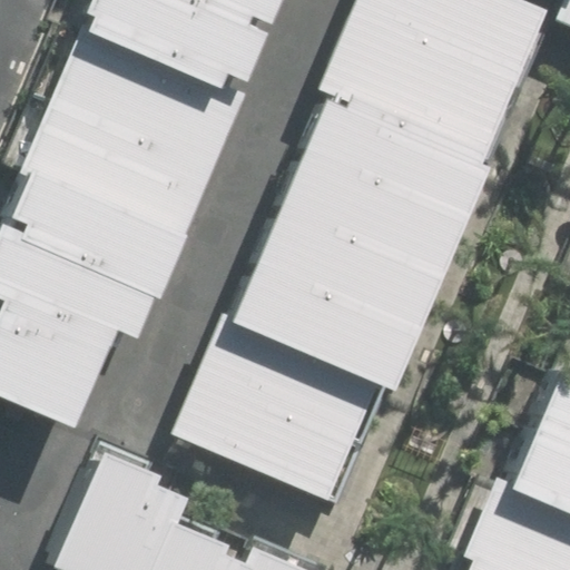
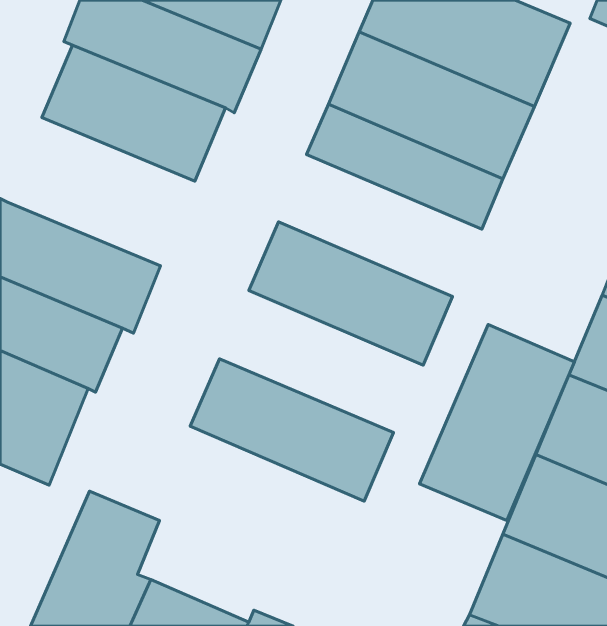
building: [24,107,195,242] -> none
building: [271,140,455,269] -> none
building: [217,264,402,393] -> none
building: none -> [420,325,574,520]
building: [164,387,348,518] -> none

